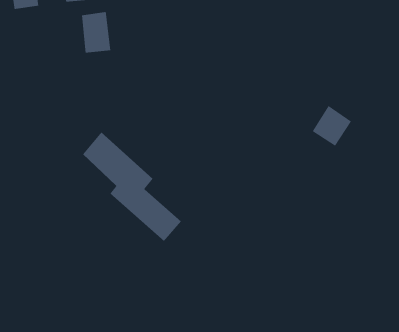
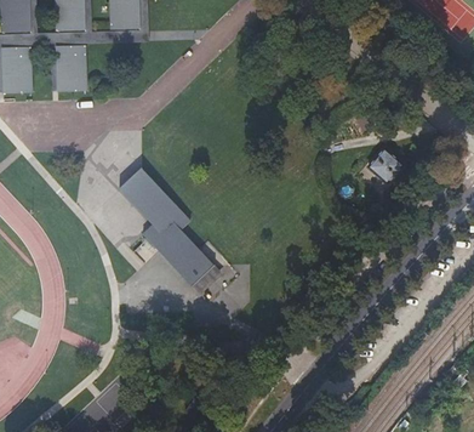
building: [81,11,111,53] -> [59,45,87,86]

